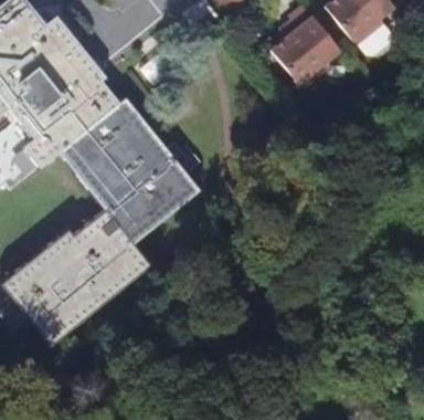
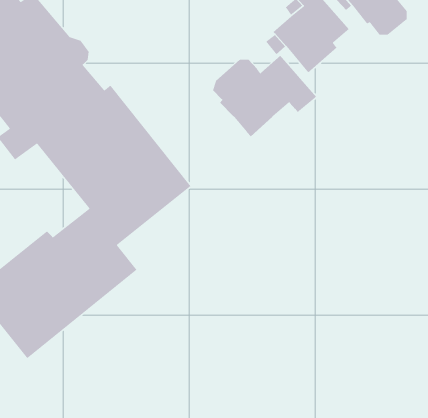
building: none -> [212,55,317,137]

